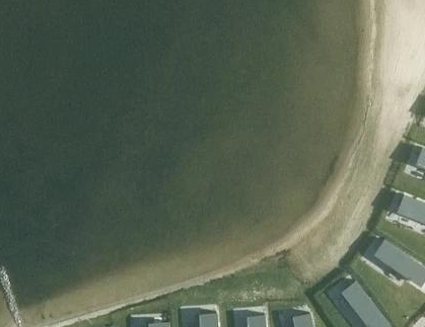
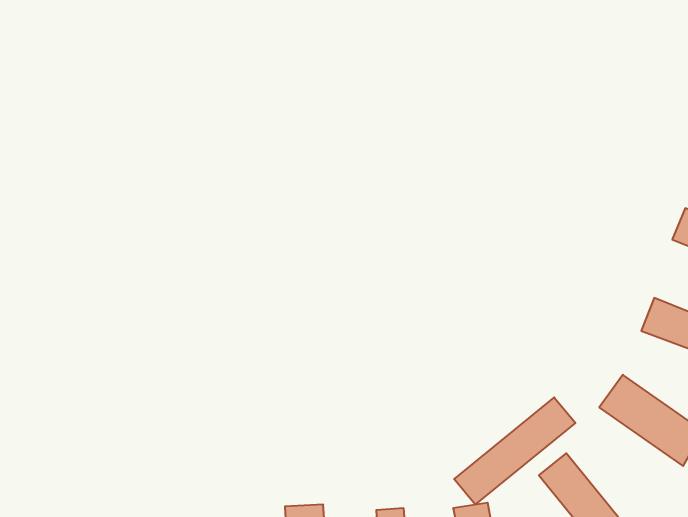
building: none -> [454,397,575,504]

